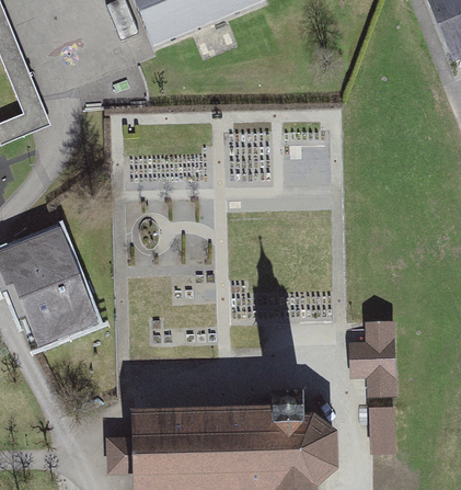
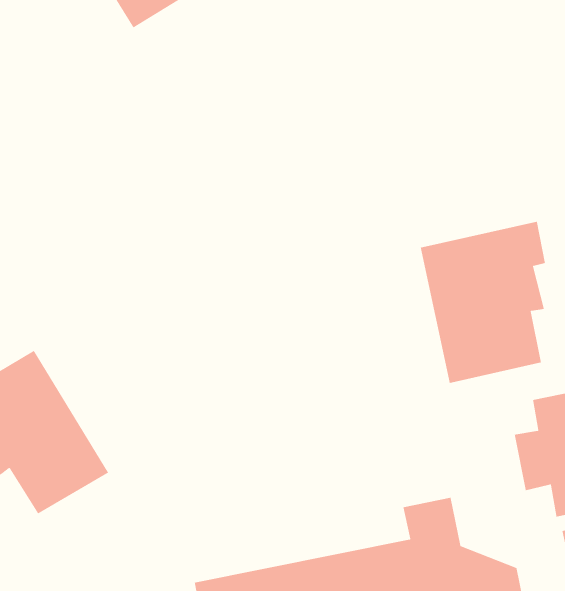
building: none -> [420,221,546,384]

